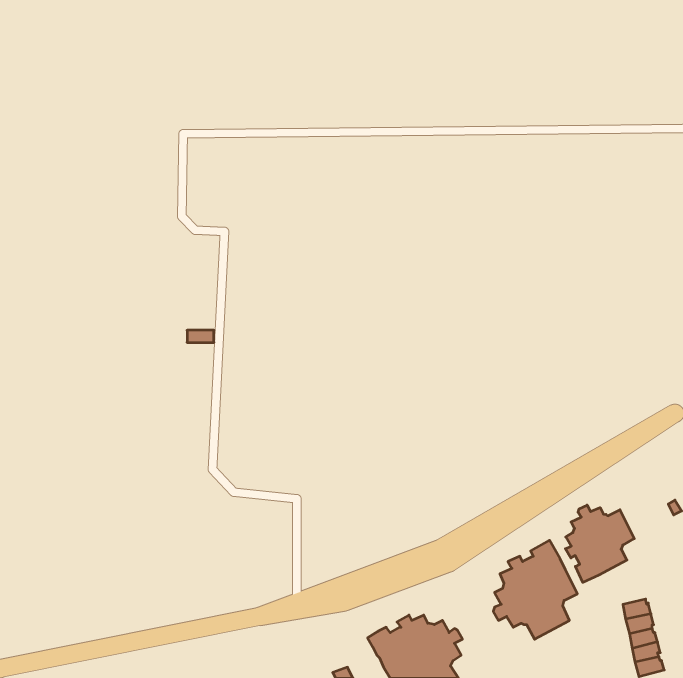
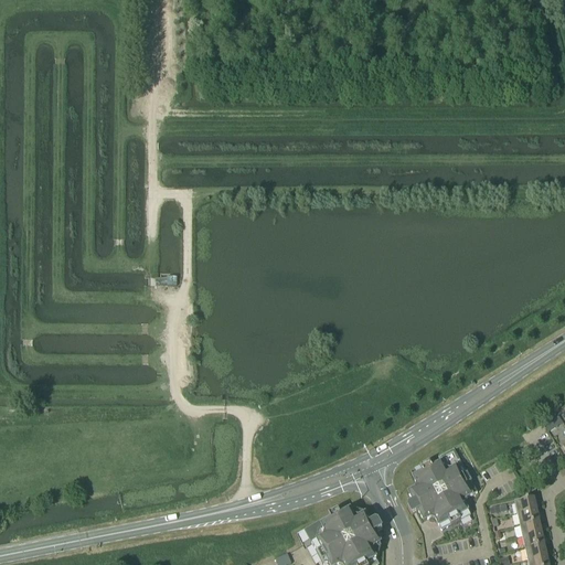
building: [565,505,634,582] -> none

